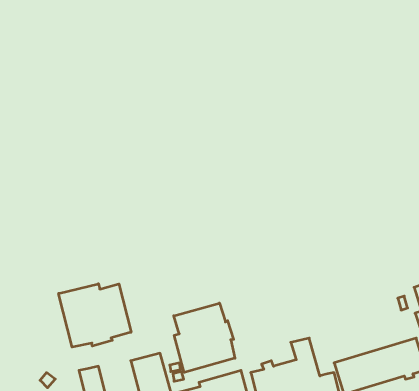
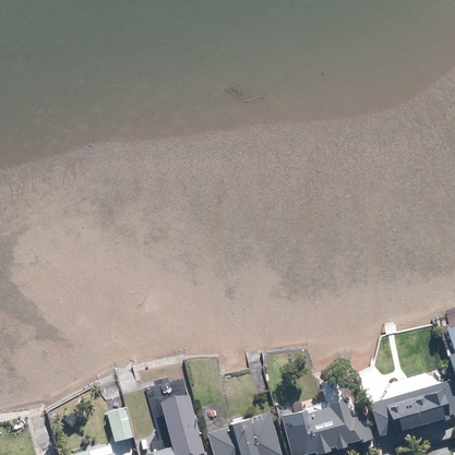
building: [59,284,131,347] -> none
building: [174,303,235,372] -> none

